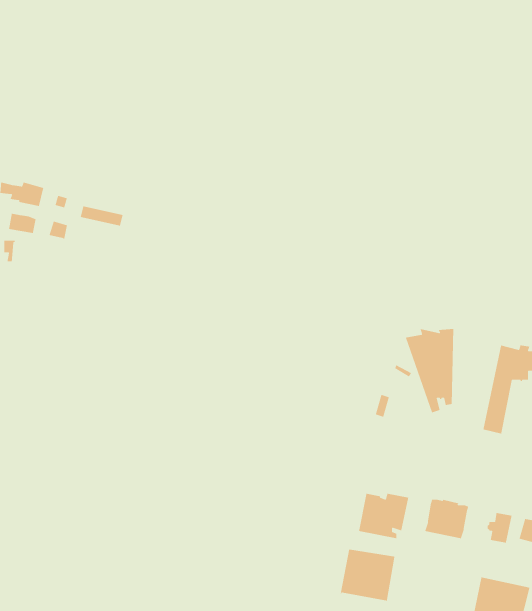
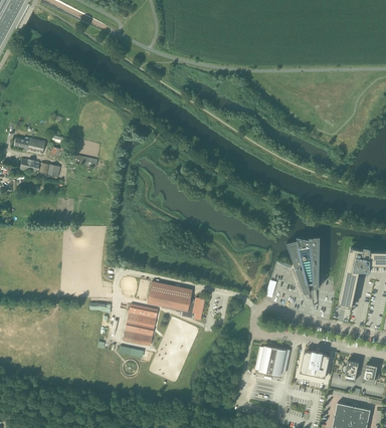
building: none -> [147,281,204,316]
building: none -> [123,303,158,346]
building: [340,547,397,602] -> none

